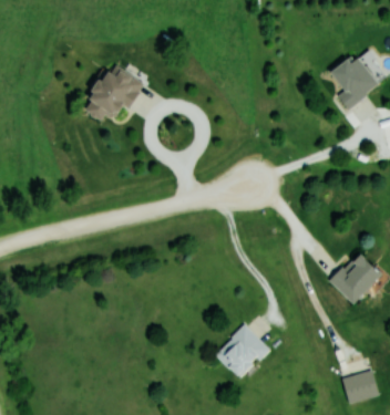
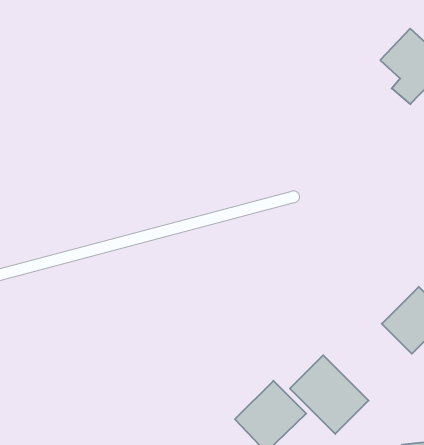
building: [83,65,144,125] -> none
building: none -> [290,355,369,434]

